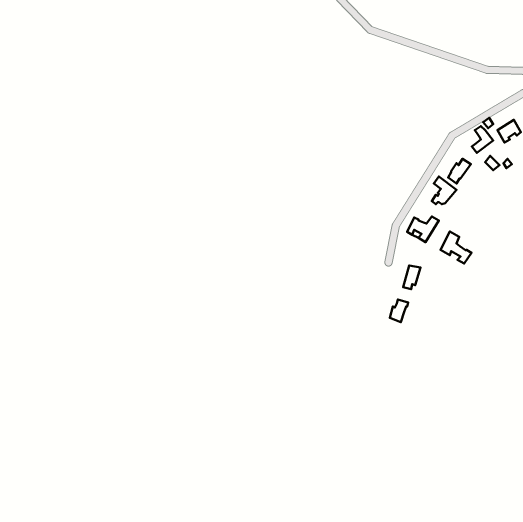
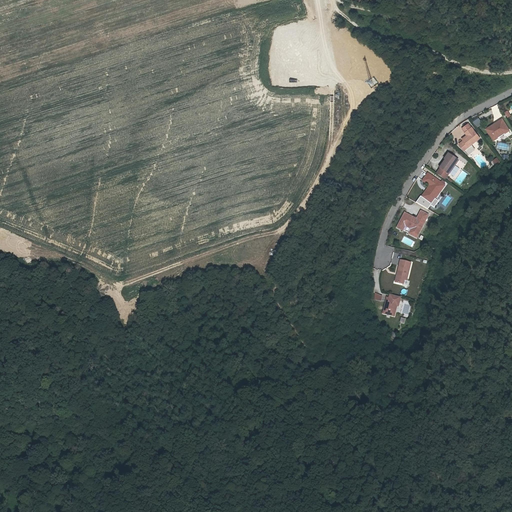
building: [441,232,472,263] -> none

